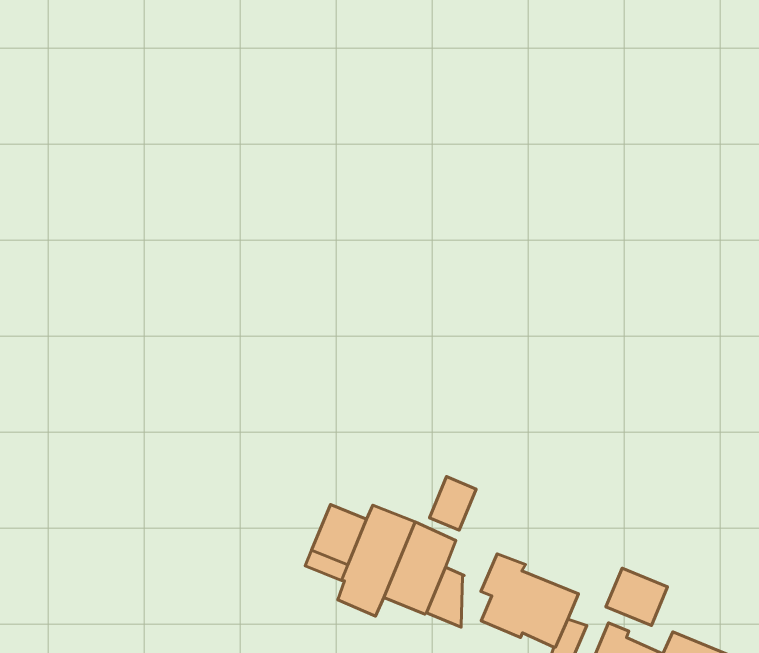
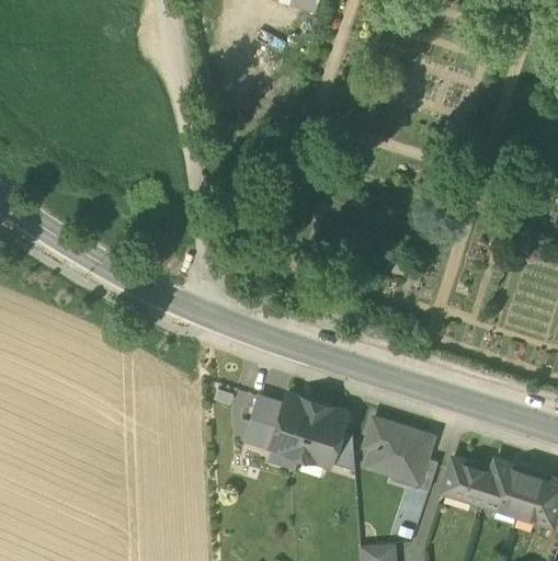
building: [430,477,476,530] -> none
building: [606,568,668,626] -> none

